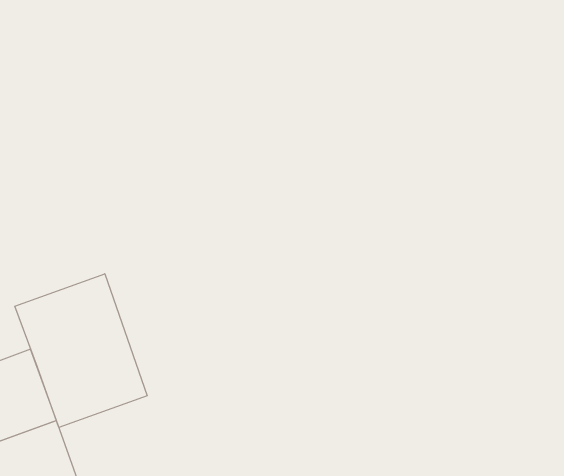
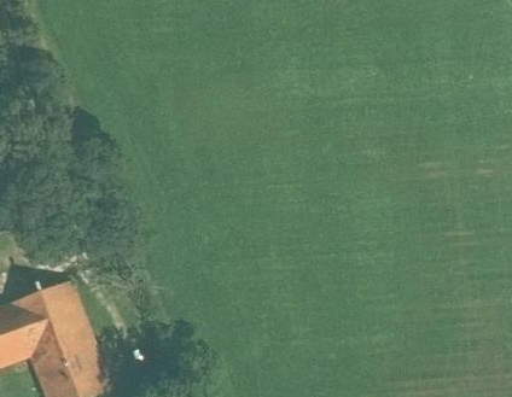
building: [15,274,147,427] -> none

